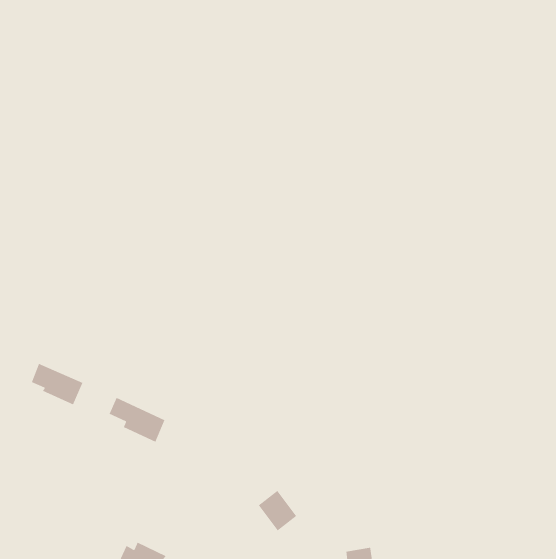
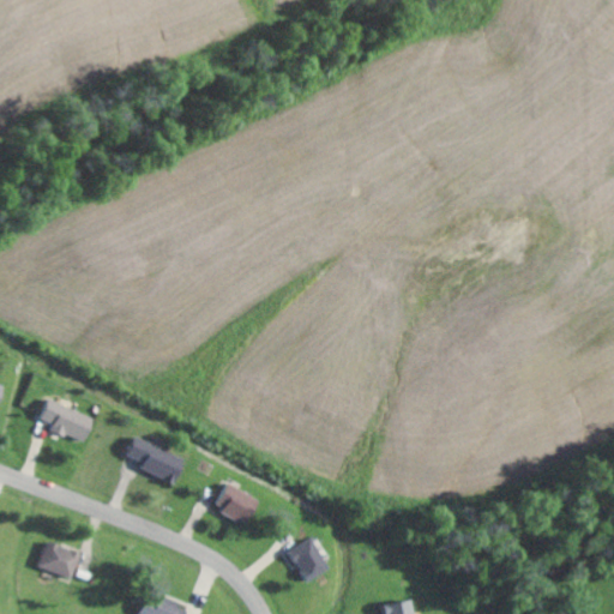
building: none -> [213,484,254,522]
building: none -> [37,543,79,578]

